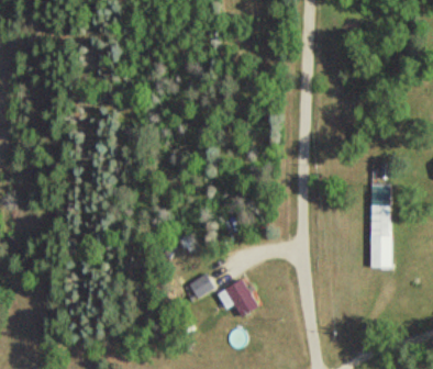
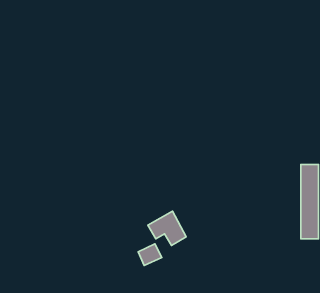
building: [215,279,258,317] -> [148,211,186,246]

